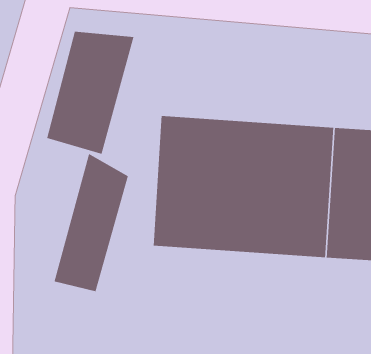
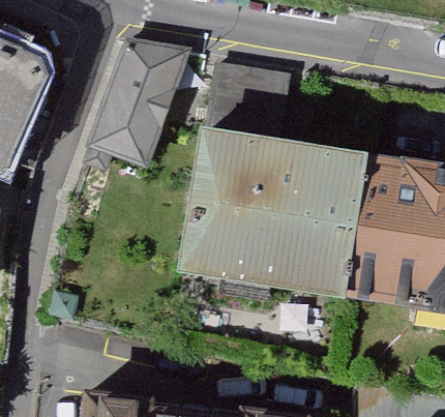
building: [54,153,129,292] -> none

